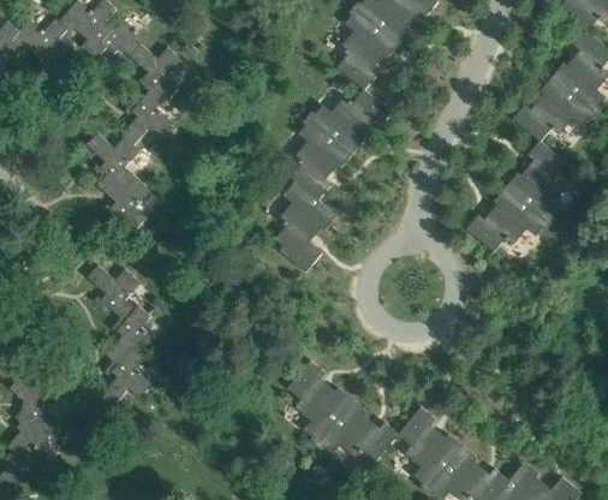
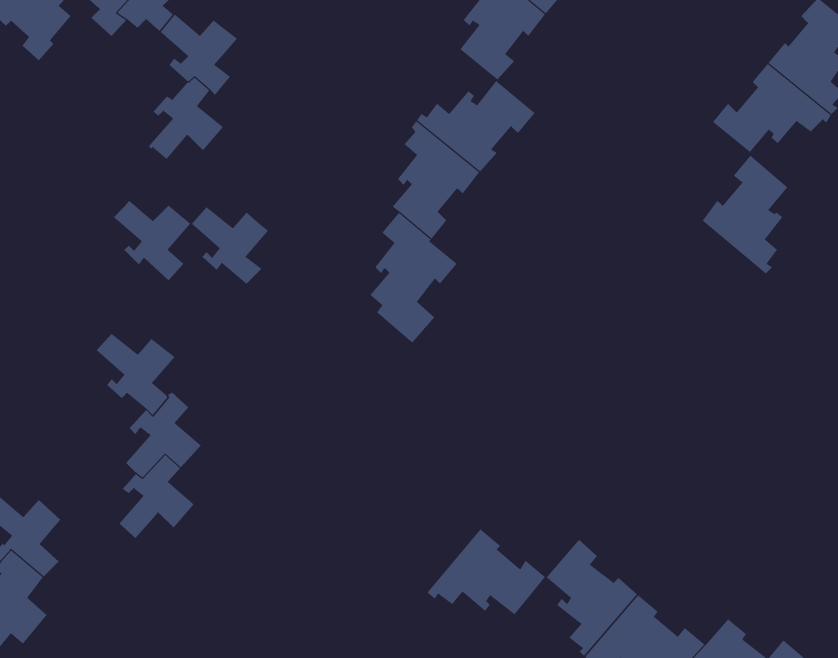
building: [87,132,141,186] -> [191,207,269,285]
building: [466,186,550,251] -> none
building: [287,361,352,445] -> none

